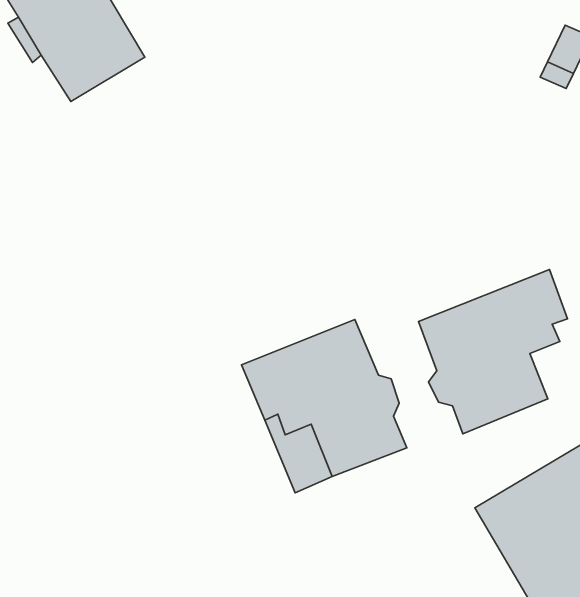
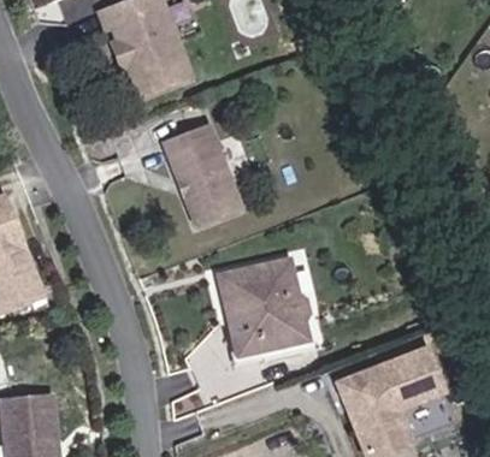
building: none -> [163,123,241,225]
building: [419,269,568,434] -> none

